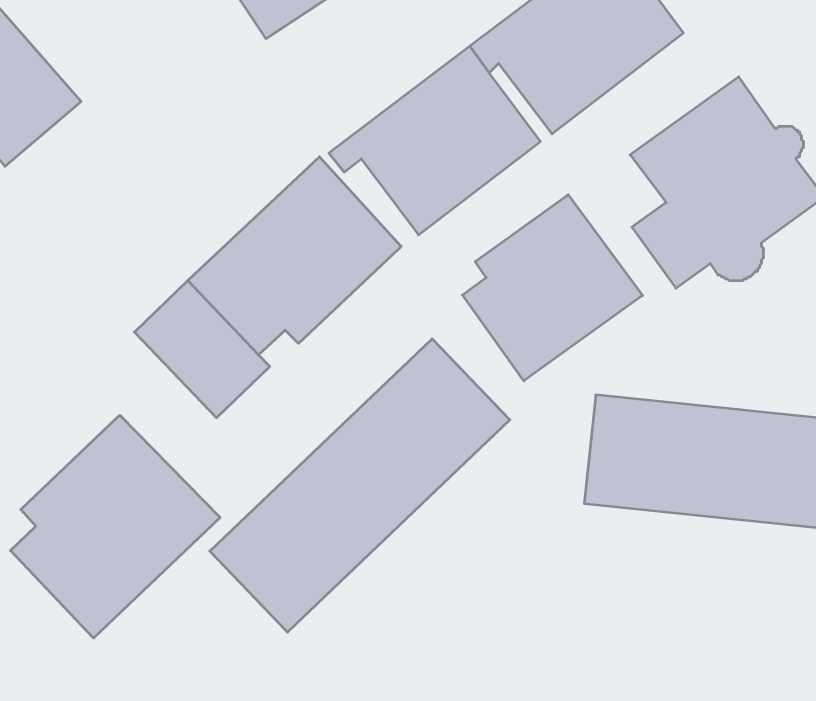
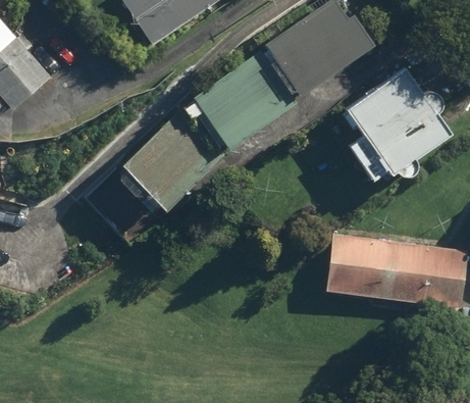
building: [462,195,643,381] -> none
building: [210,339,510,632] -> none
building: [10,415,220,638] -> none

